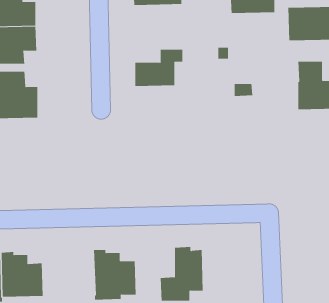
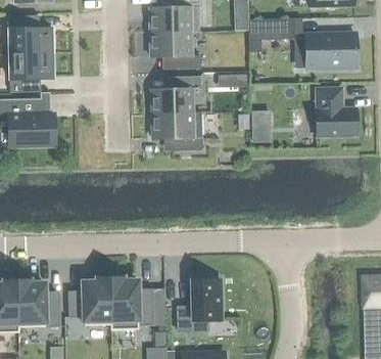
building: none -> [150,31,200,69]
building: none -> [151,113,201,150]
building: none -> [68,278,111,325]

